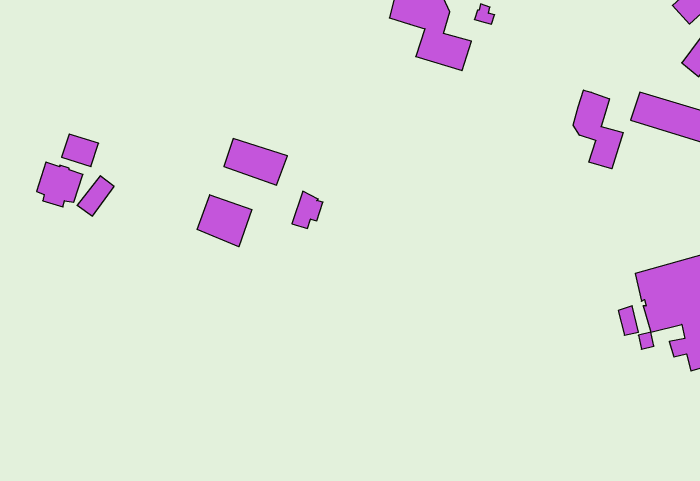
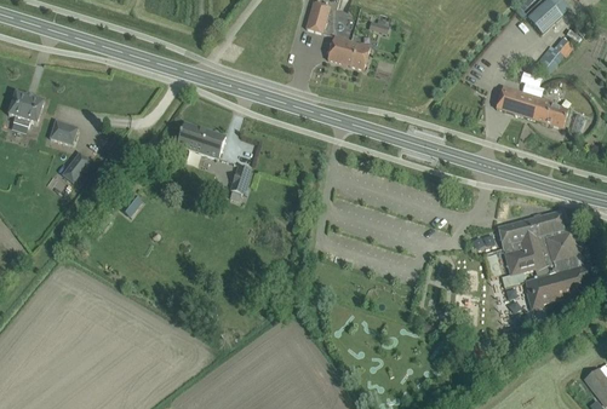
building: [573,90,623,169] -> none
building: [37,162,83,207] -> [7,91,44,126]
building: [197,195,252,247] -> none

